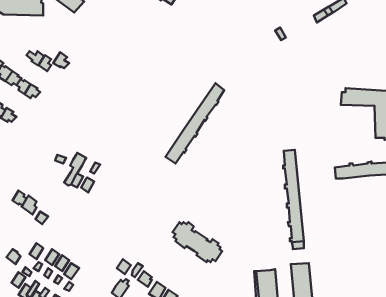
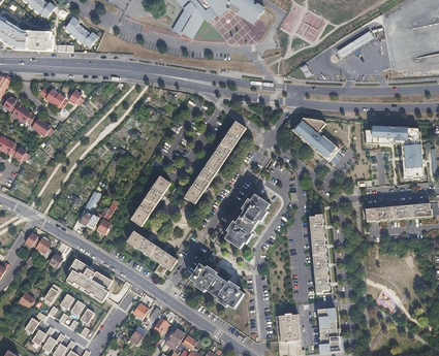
building: none -> [291,117,339,161]
building: none -> [131,176,170,226]
building: none -> [227,196,269,247]
building: none -> [127,231,178,277]
building: none -> [66,259,112,302]

